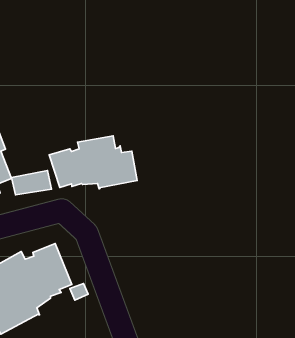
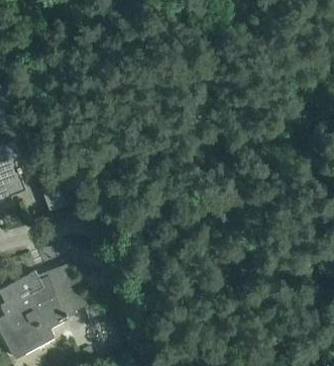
building: [49,136,137,189] -> none

